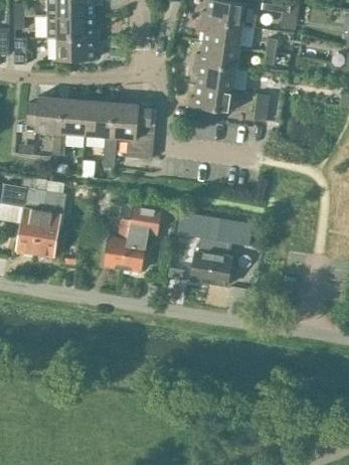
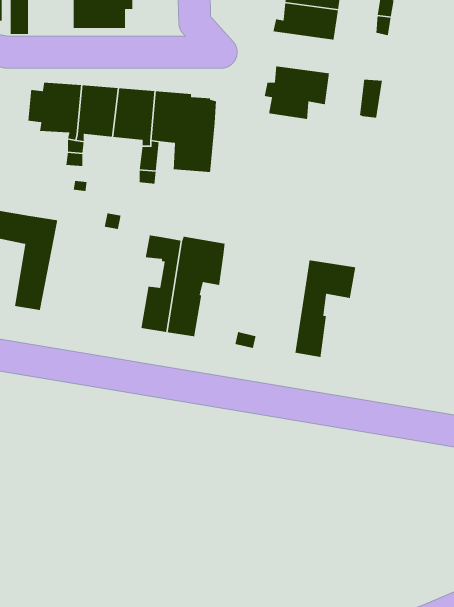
building: [193,62,236,91] -> none
building: [35,191,66,257] -> none
building: [176,211,219,283] -> none

